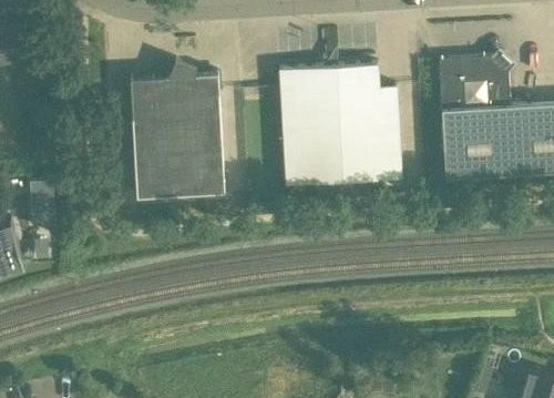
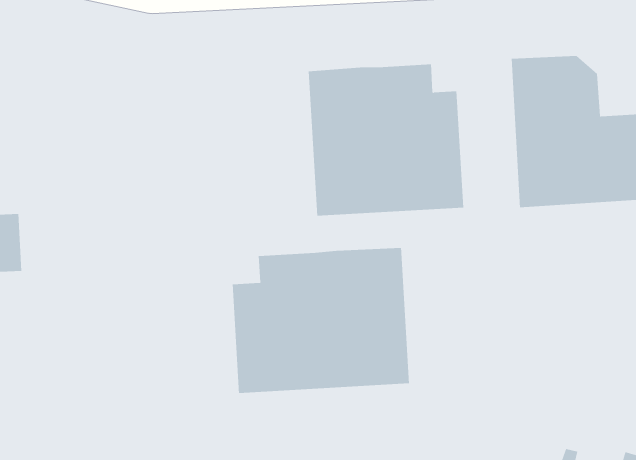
building: [130,61,224,197] -> none
building: none -> [232,247,409,394]

